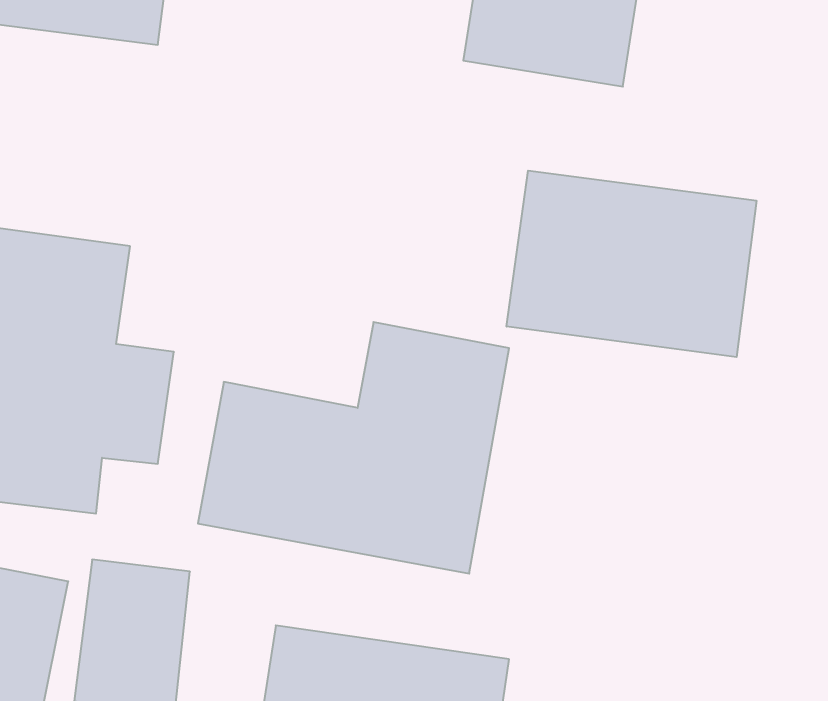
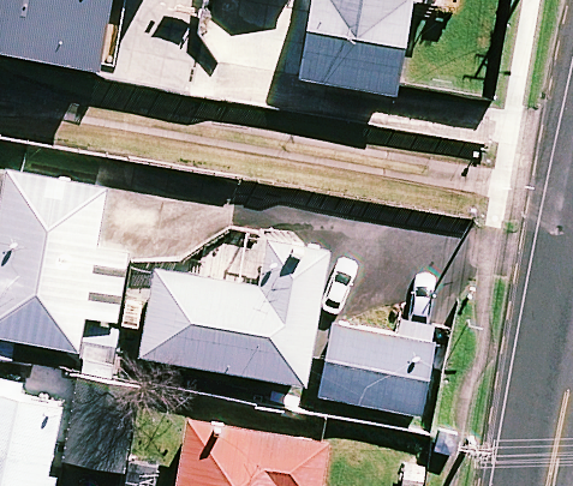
building: [507,171,756,357] -> none
building: none -> [320,310,434,416]

